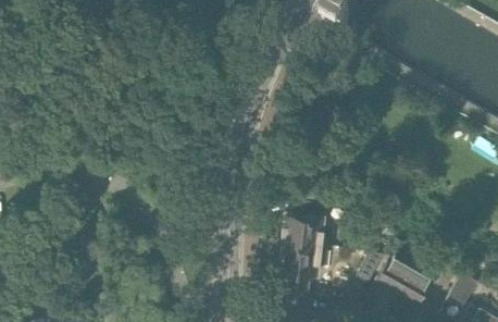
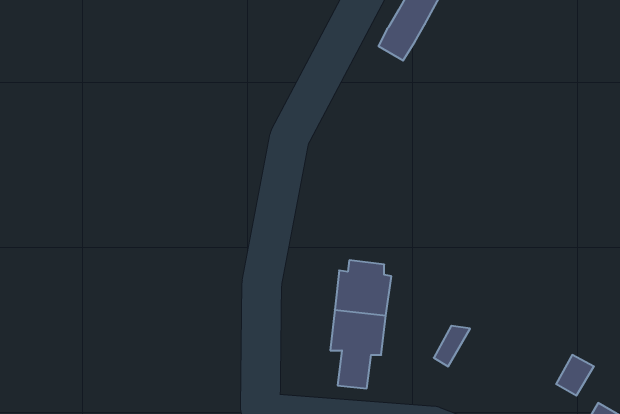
building: [372,255,428,302] -> none

